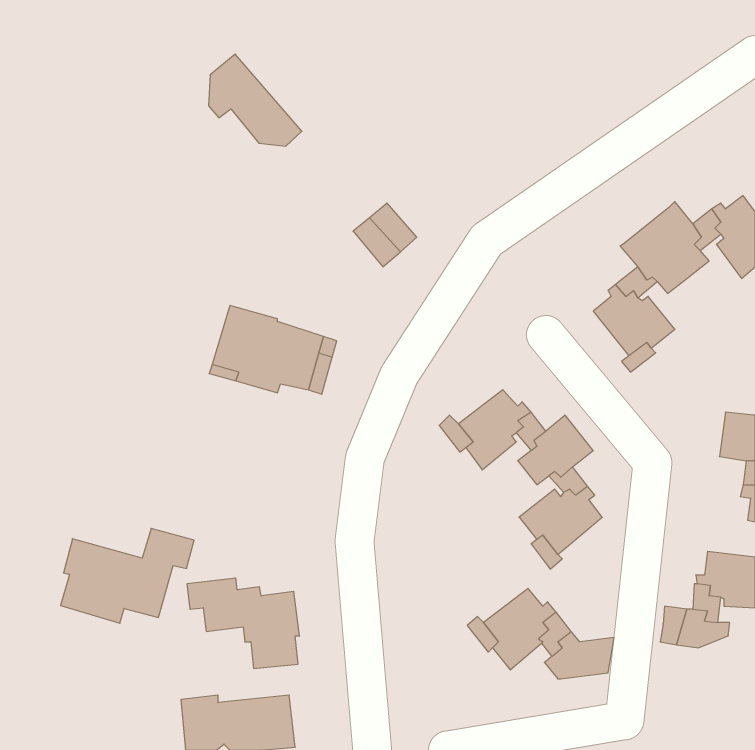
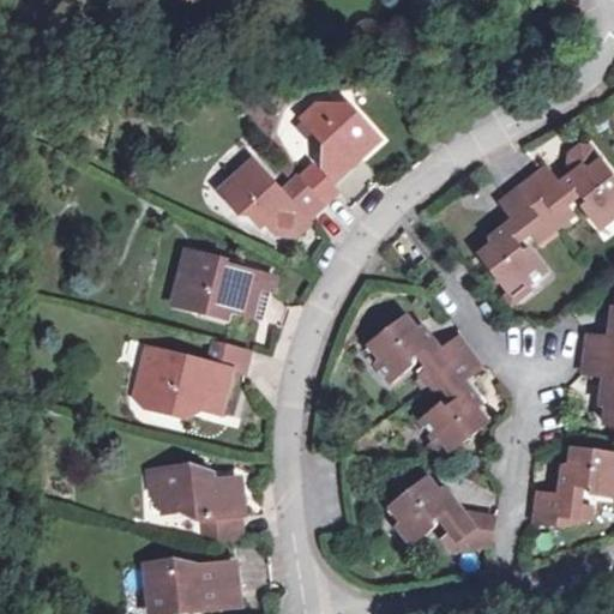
building: [209,54,302,146] -> [230,159,306,234]
building: none -> [302,102,378,177]
building: [61,528,194,623] -> [139,339,247,416]

